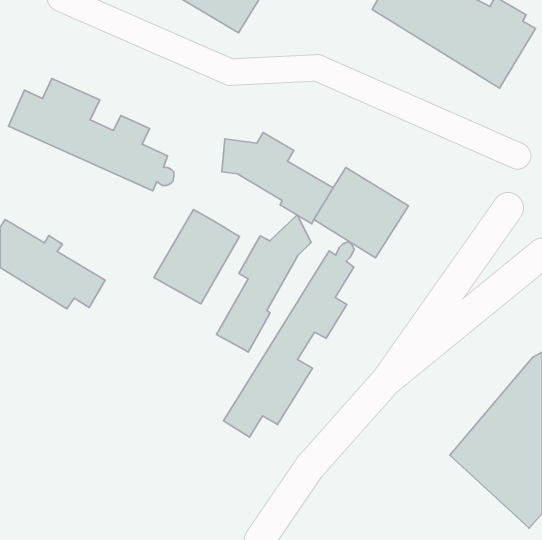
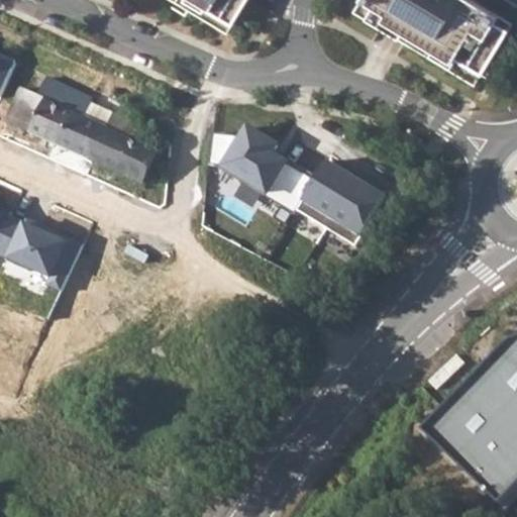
building: [154,210,239,304] -> none
building: [216,215,311,352] -> none
building: [224,242,354,437] -> none

